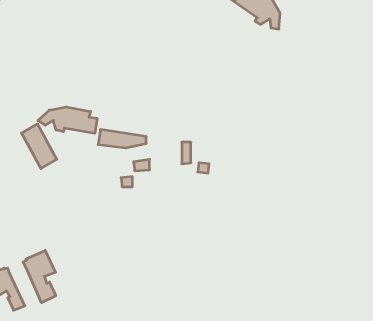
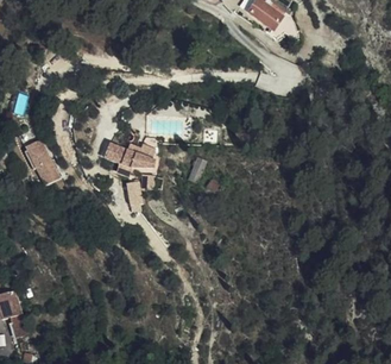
building: [38,107,97,133] -> none
building: [23,250,56,303] -> none

